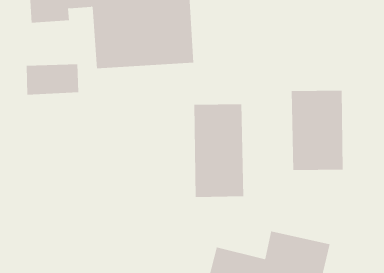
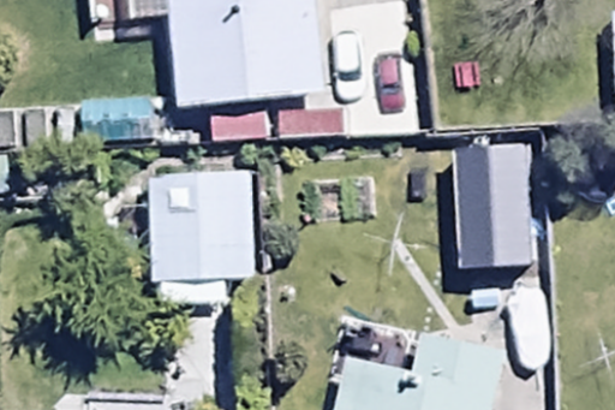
building: [194,103,244,198] -> none
building: none -> [121,171,255,303]

